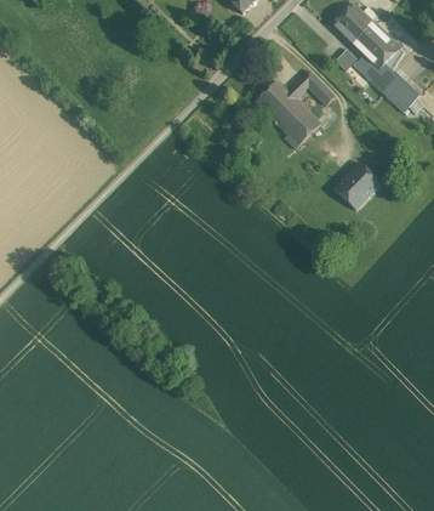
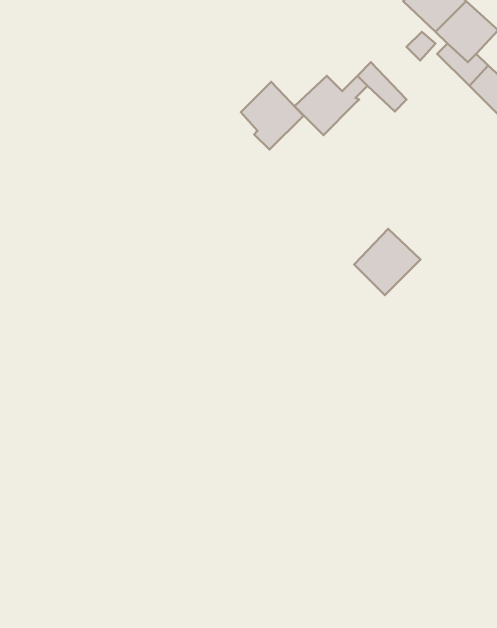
building: [274,100,319,148] -> [241,82,303,150]
building: [332,161,379,209] -> [354,229,421,295]

